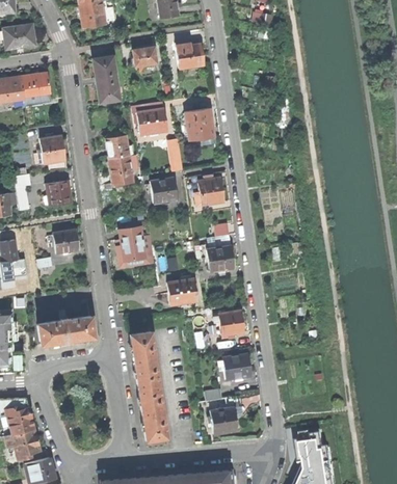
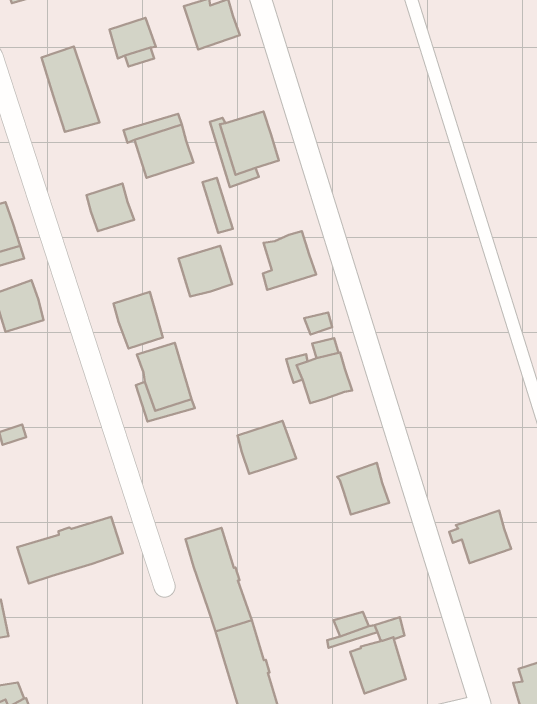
building: [109,156,133,185] -> [114,292,163,349]
building: [53,230,79,252] -> none
building: [218,353,250,379] -> [449,511,511,563]

